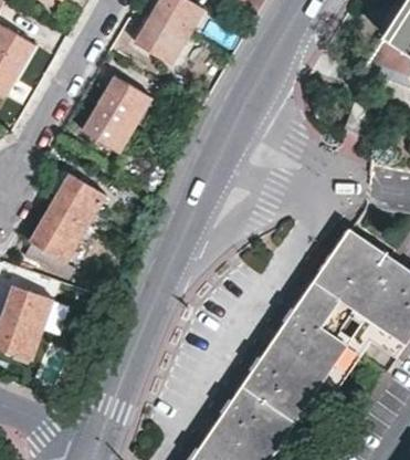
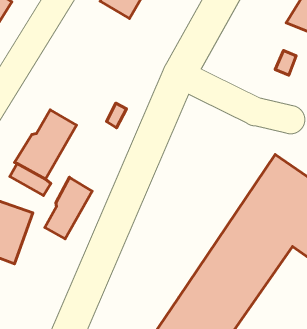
building: [84,77,149,150] -> none
building: none -> [45,177,92,239]

